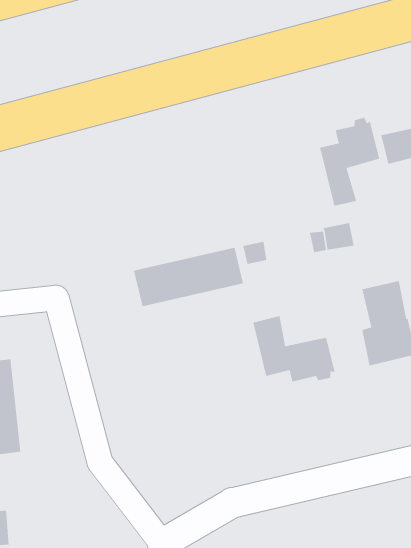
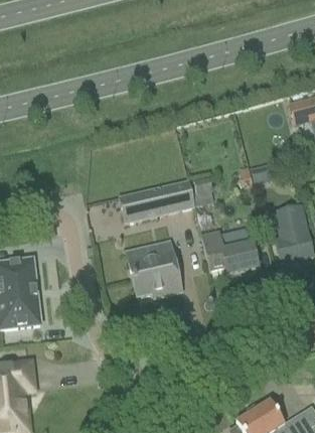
building: [319,117,380,206] -> none
building: none -> [126,237,181,296]

